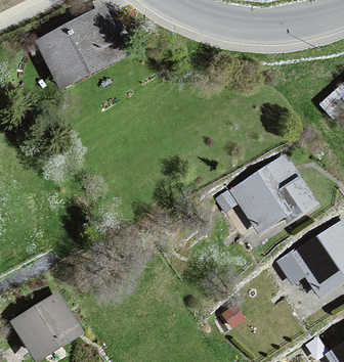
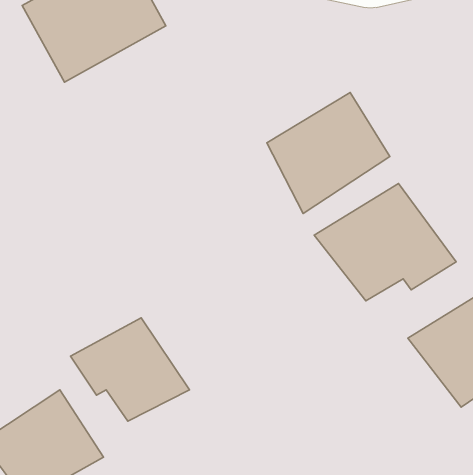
building: none -> [267,93,390,213]
building: none -> [71,318,190,421]

